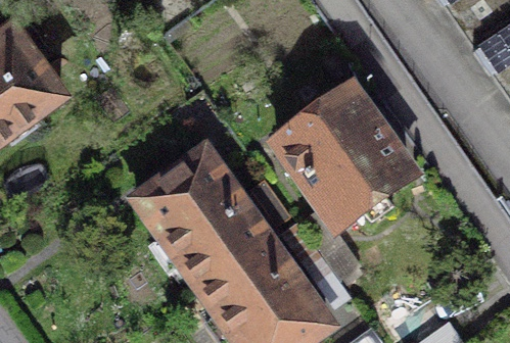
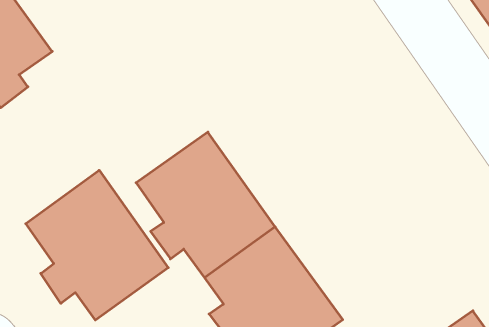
building: [283,91,413,222] -> none
building: none -> [26,170,168,320]

